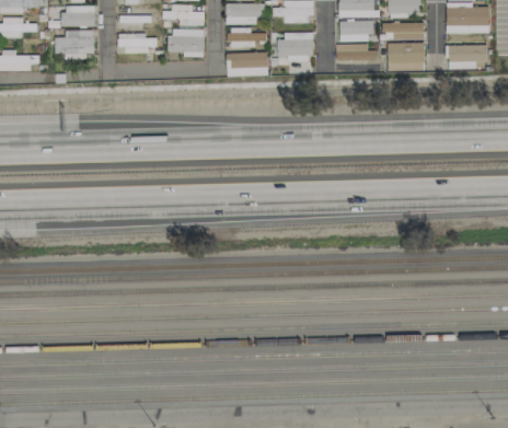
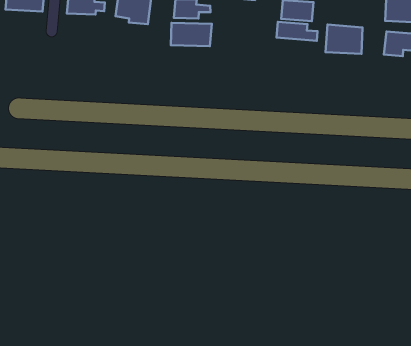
building: [382,23,424,39] -> none
building: [277,32,313,59] -> none

